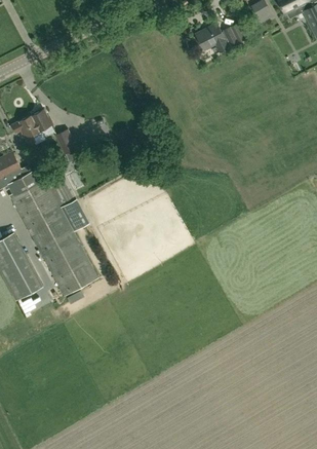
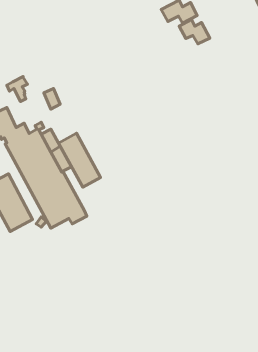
building: none -> [179,19,210,44]
building: [31,110,54,144] -> none
building: none -> [59,133,100,187]

